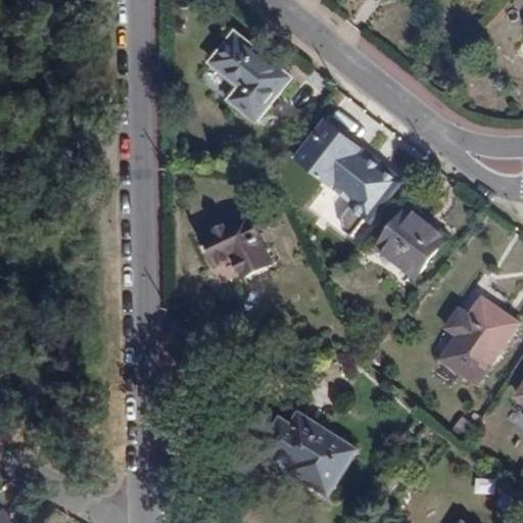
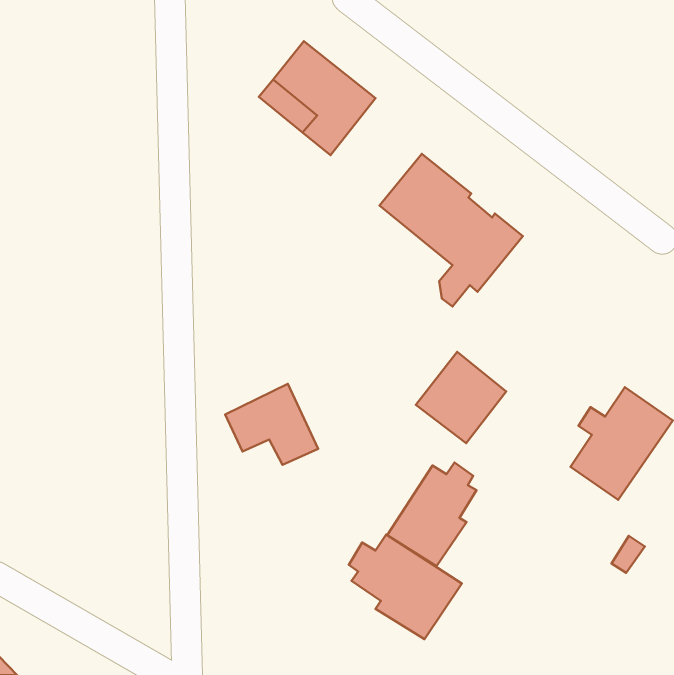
building: [376,205,445,276] -> [416,352,506,443]
building: [199,212,271,275] -> [225,384,318,465]
building: none -> [387,463,476,566]

